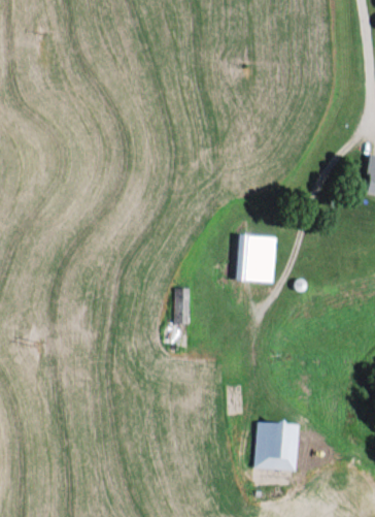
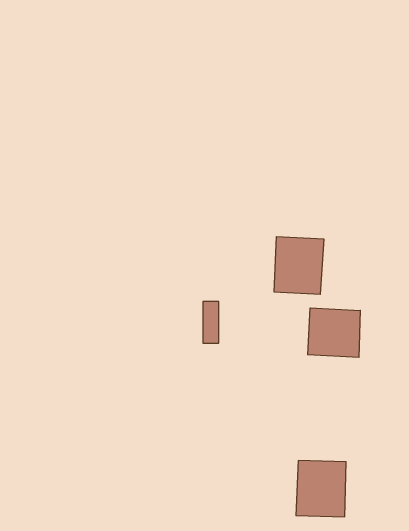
building: none -> [308,308,360,357]

